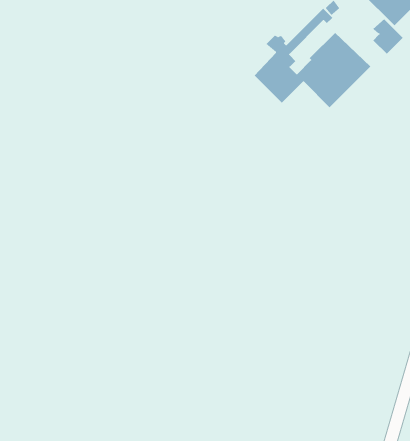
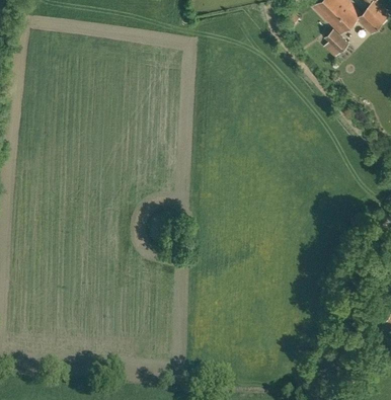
building: [254,8,371,108] -> none

